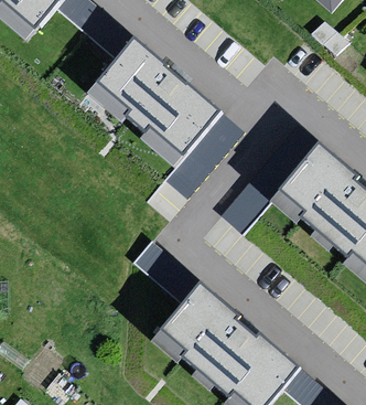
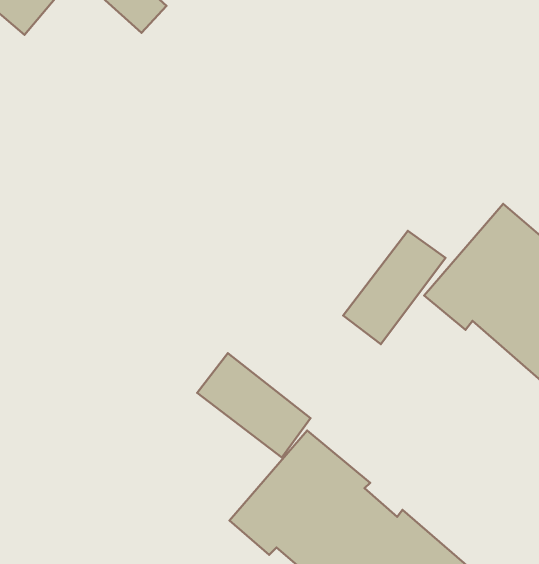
building: [87,39,223,170] -> none

